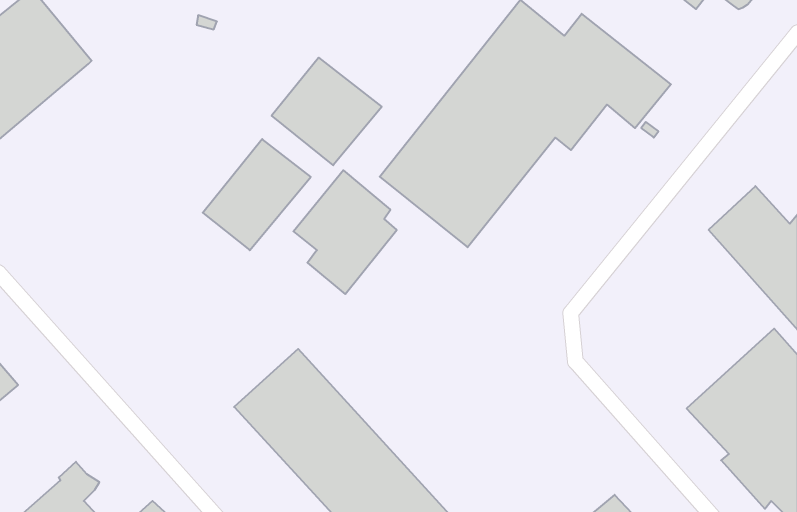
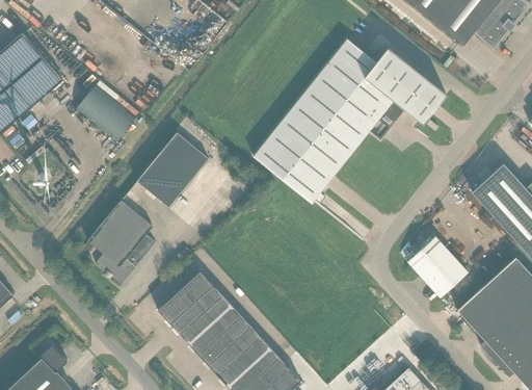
building: [272,58,382,165] -> none
building: none -> [76,85,135,141]
building: [293,170,397,294] -> [87,201,156,283]
building: none -> [407,237,469,298]

